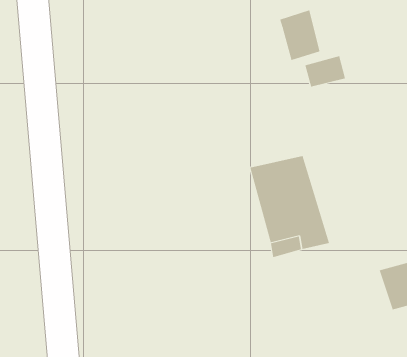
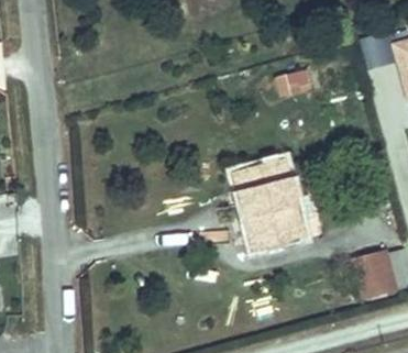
building: [280,10,320,61] -> none

